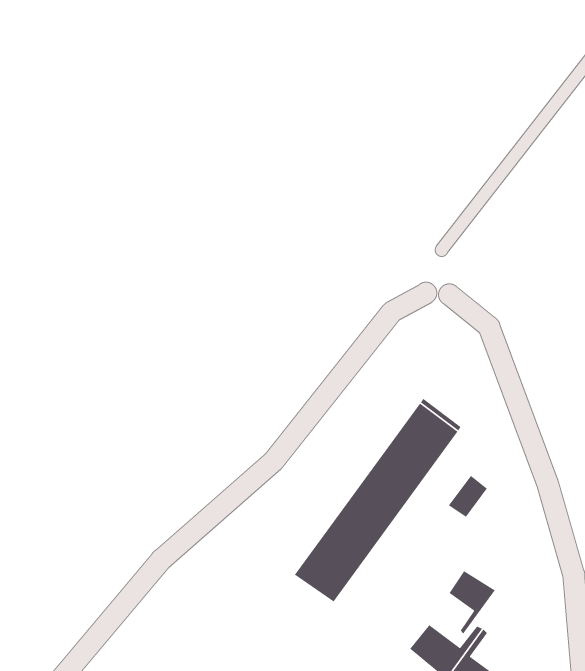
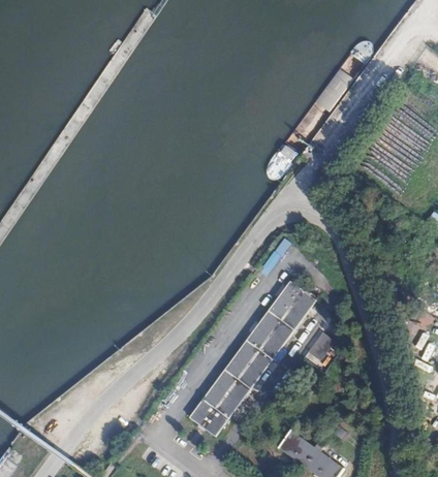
building: [448,570,496,634] -> none
building: none -> [189,399,229,436]

